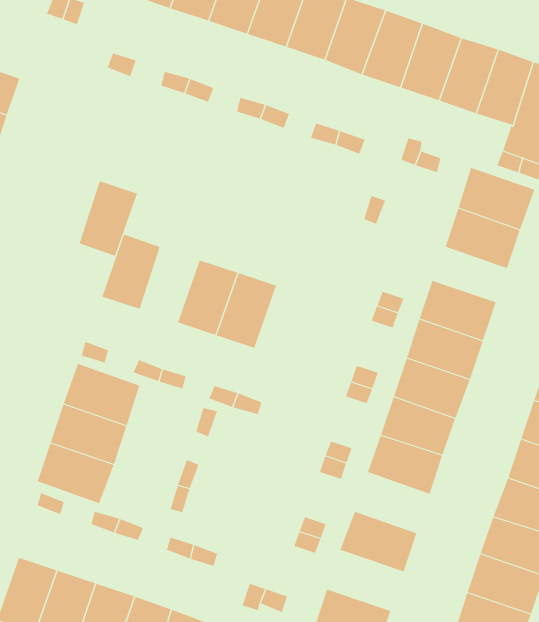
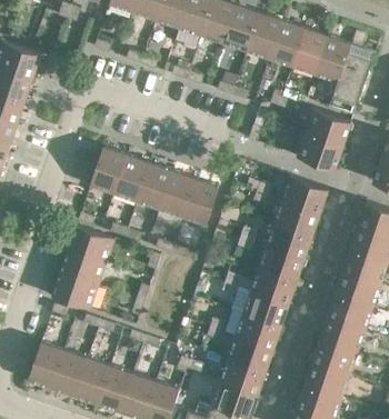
building: [79,181,138,256] -> [112,154,148,200]
building: none -> [181,178,217,223]
building: none -> [241,290,287,327]
building: none -> [225,337,271,373]

